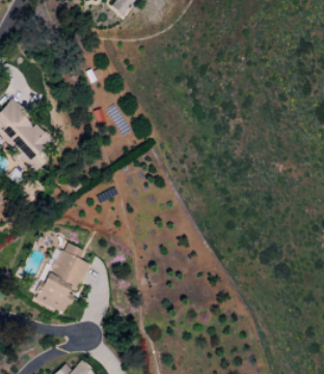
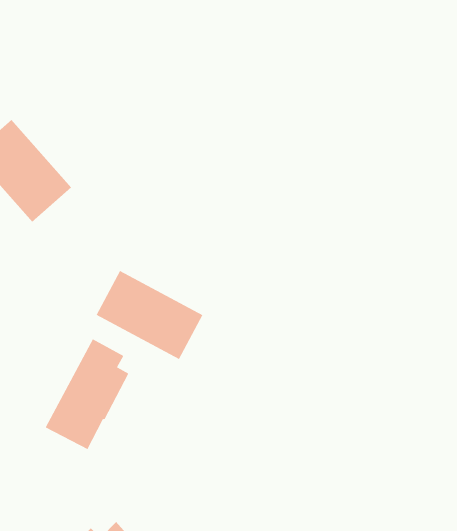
building: none -> [96,270,203,360]

